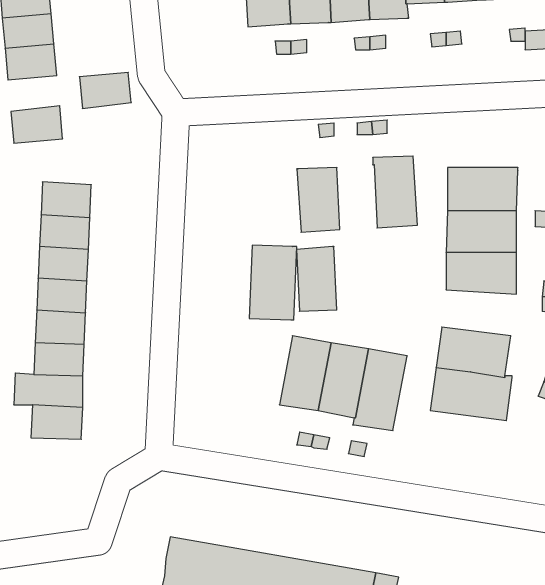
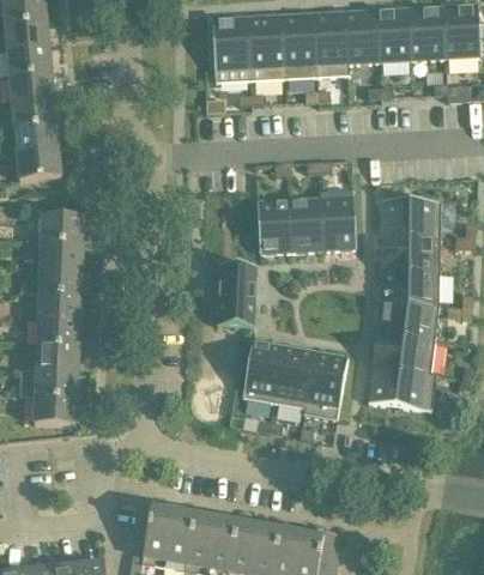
building: [79,72,131,108] -> [14,122,58,152]
building: [297,247,337,311] -> [289,196,322,250]
building: none -> [376,301,438,339]

